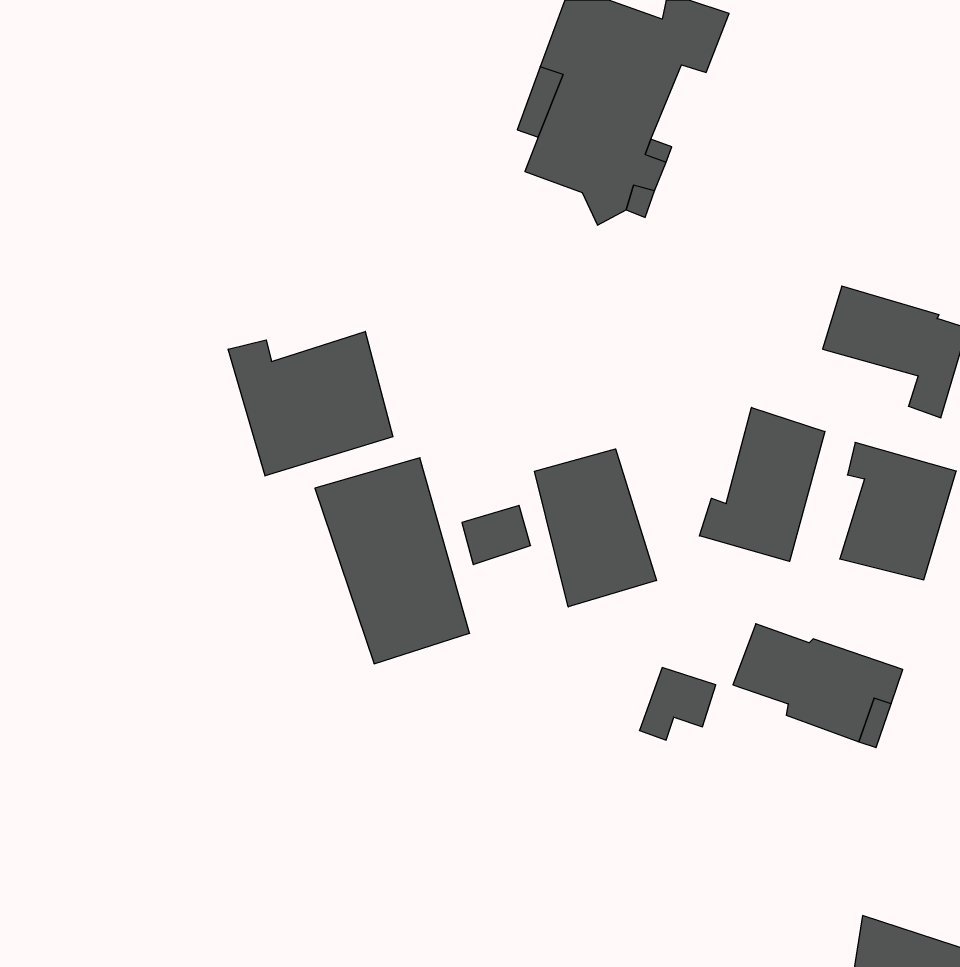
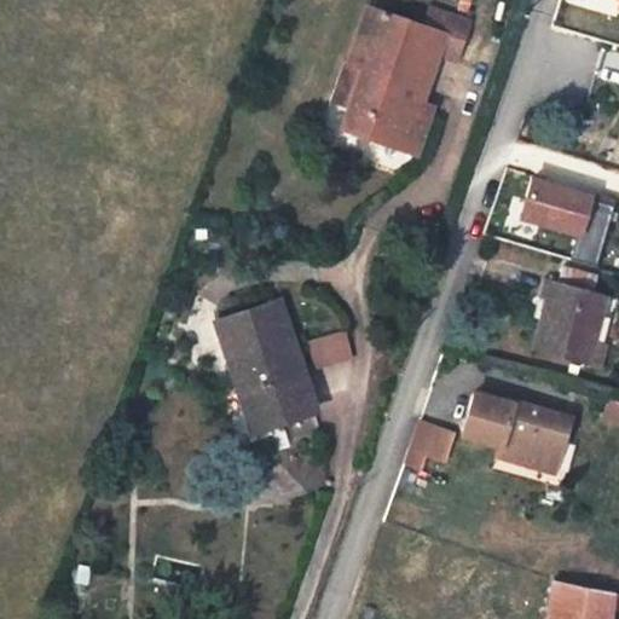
building: [228,331,393,476] -> none
building: [699,407,825,561] -> none
building: [534,449,656,607] -> none

